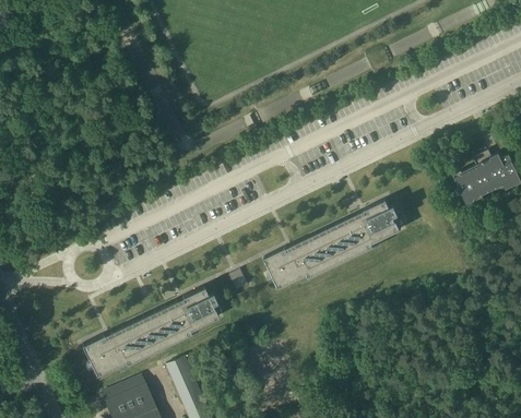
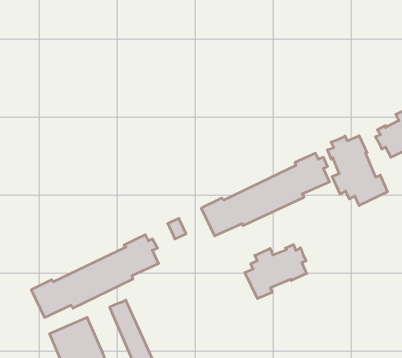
building: none -> [327,136,387,206]
building: none -> [245,245,307,299]

